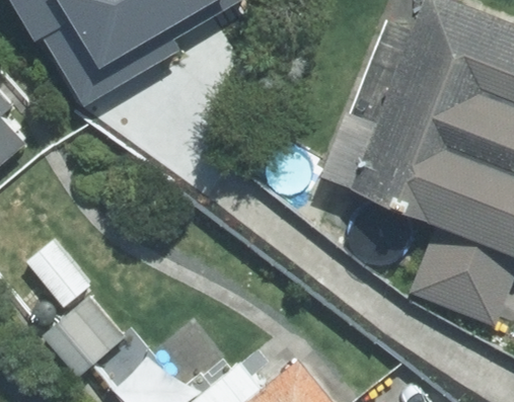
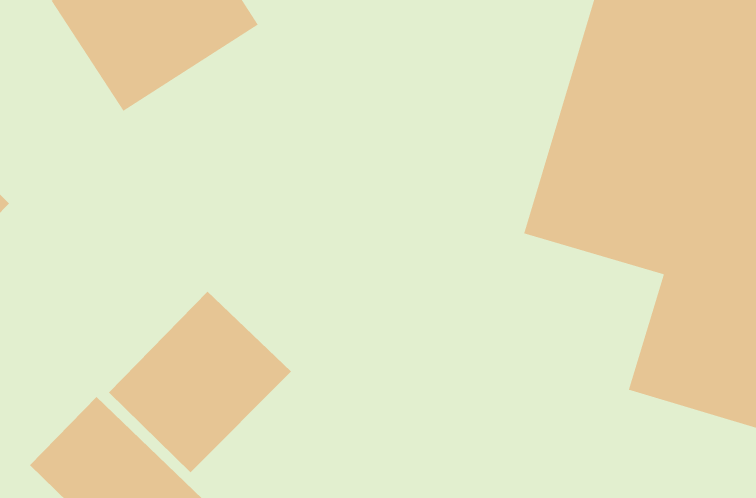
building: none -> [108,291,292,473]

